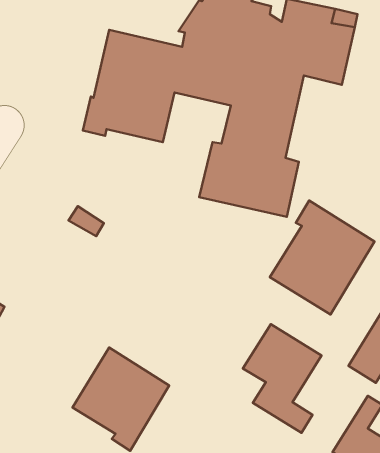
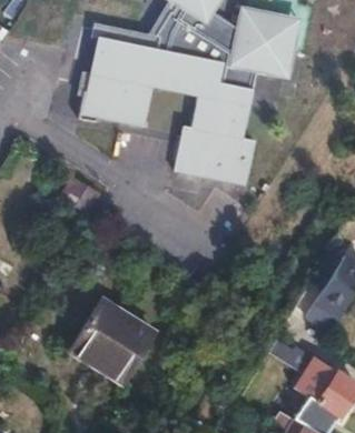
building: [270,200,374,315] -> none
building: [243,324,322,433] -> none

